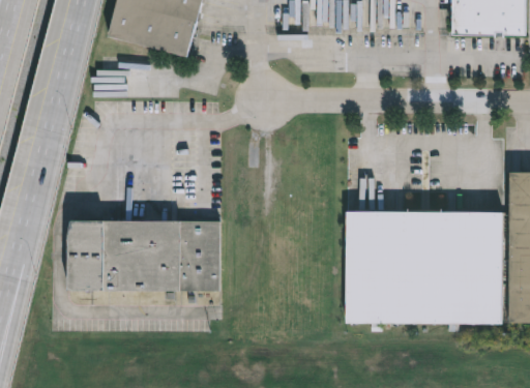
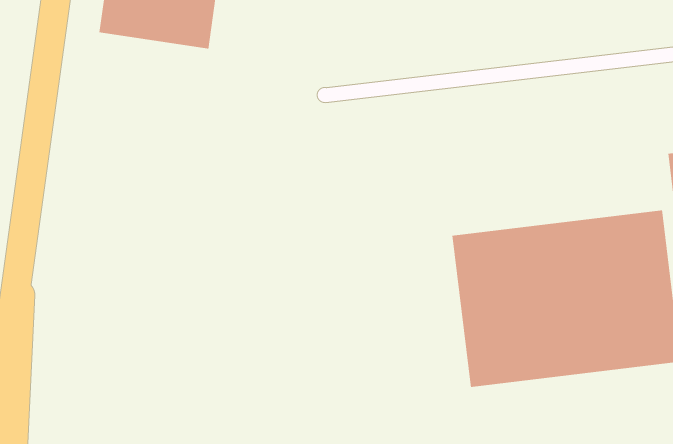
building: [68,219,218,291] -> none

